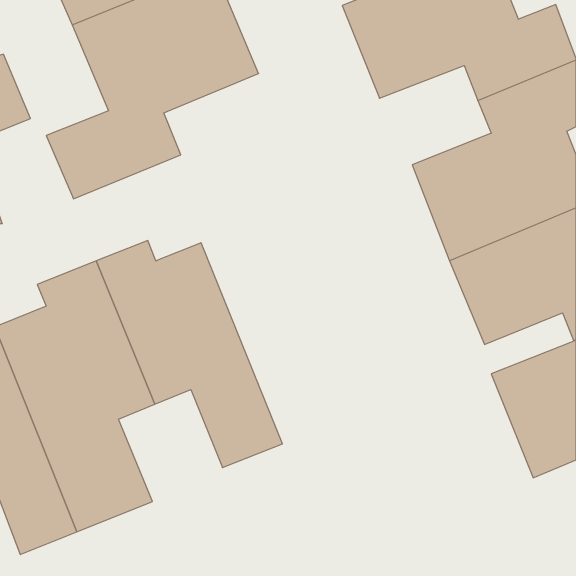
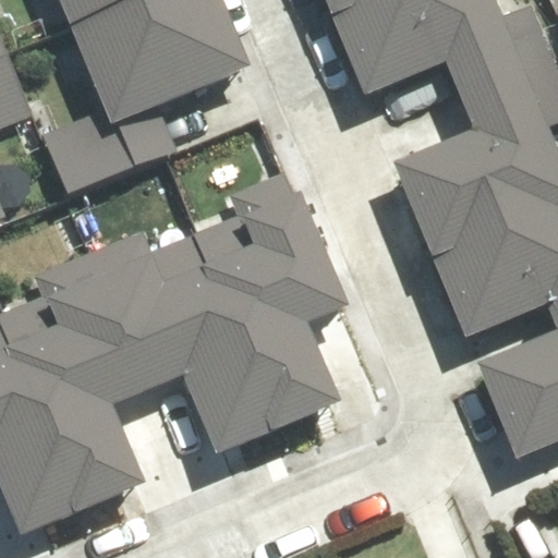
building: none -> [194,174,349,428]

